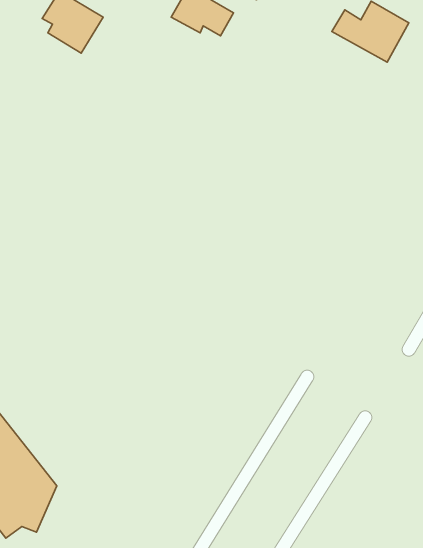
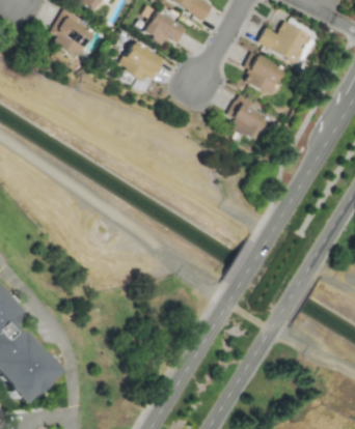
building: none -> [118,40,165,81]
building: none -> [244,51,285,94]
building: none -> [227,93,266,140]

